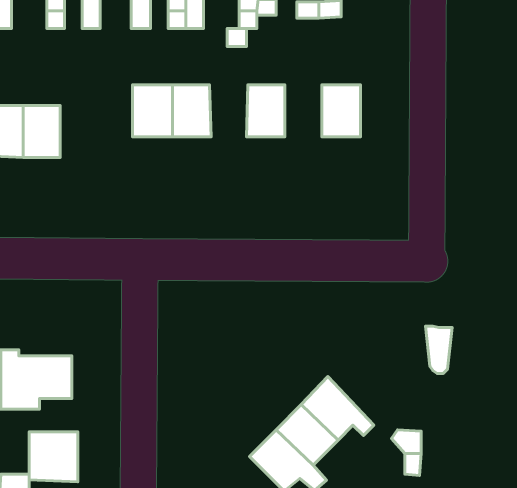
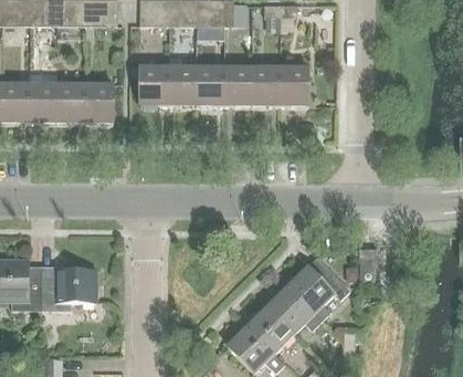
building: none -> [197,66,225,105]
building: none -> [253,66,281,105]
building: none -> [85,82,114,121]
building: none -> [285,255,348,321]
building: [29,432,78,482] -> none

